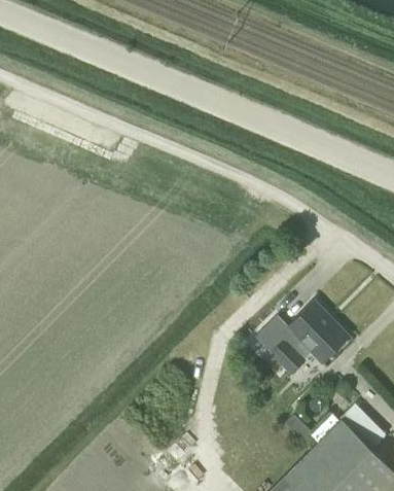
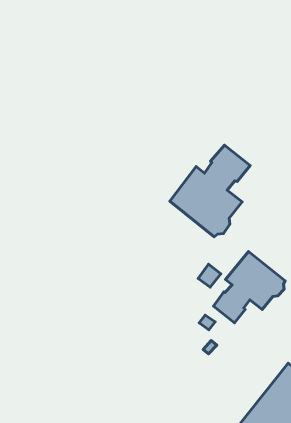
building: none -> [170,145,250,237]

